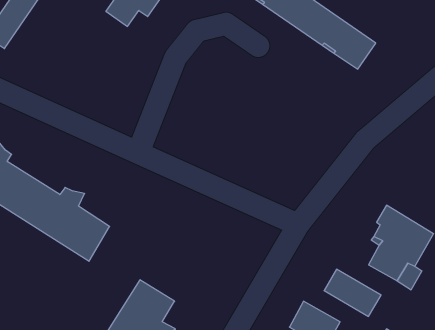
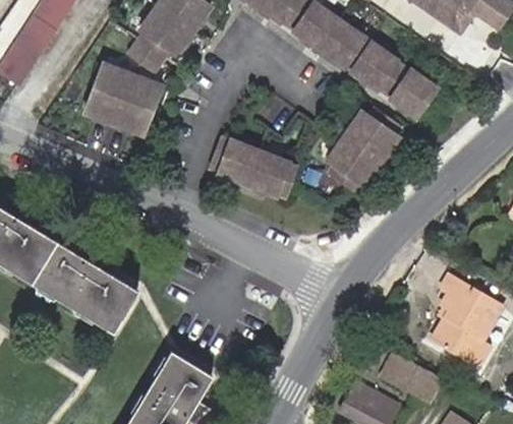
building: none -> [83,61,164,134]
building: none -> [327,108,404,192]
building: none -> [211,137,297,196]

